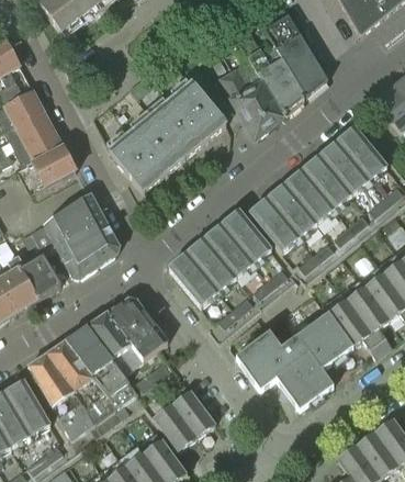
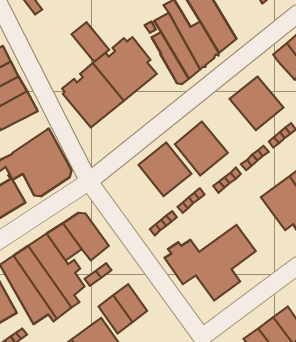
building: none -> [71,22,109,62]
building: [283,156,351,224] -> none
building: [168,239,235,307] -> none
building: [322,280,391,359] -> none

